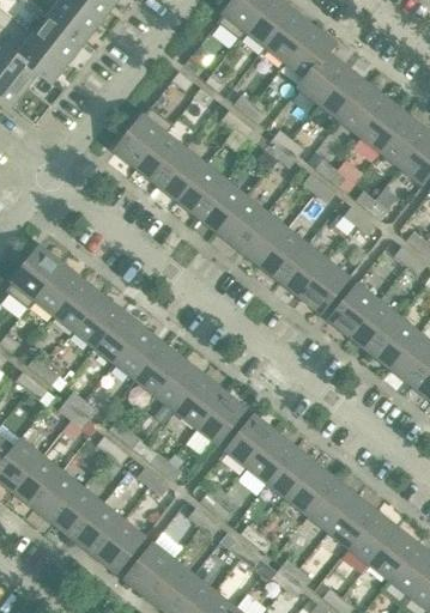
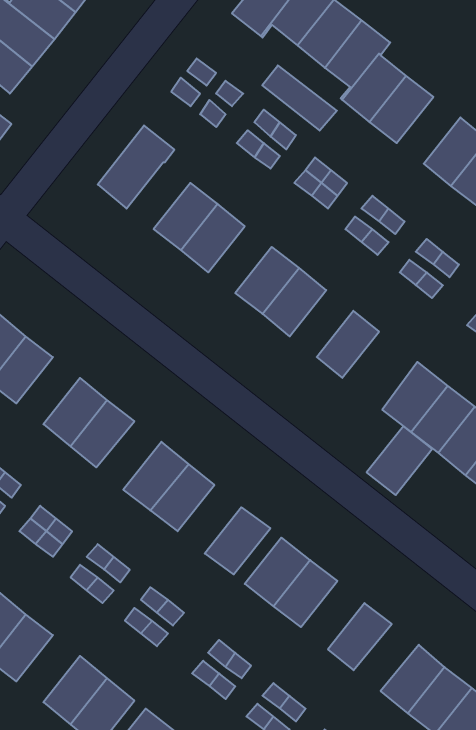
building: none -> [262,65,337,131]
building: [340,85,388,135] -> none
building: [138,134,186,184] -> none
building: [199,182,247,232] -> none
building: [260,230,308,280] -> none
building: [299,261,349,312] -> [367,426,432,495]
building: [55,280,103,330] -> none
building: [115,328,164,380] -> none
building: [176,376,224,427] -> none
building: [268,448,316,499] -> none
building: [308,480,357,530] -> none
building: [55,488,103,539] -> none

